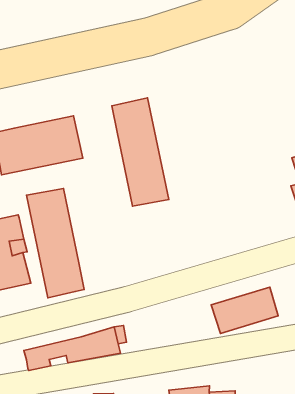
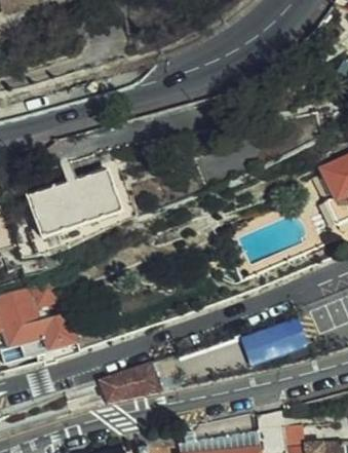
building: [112,98,169,206] -> none
building: [27,188,84,298] -> none

